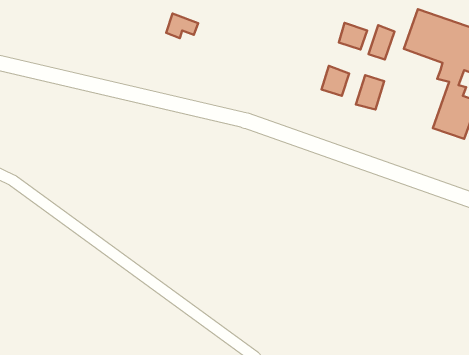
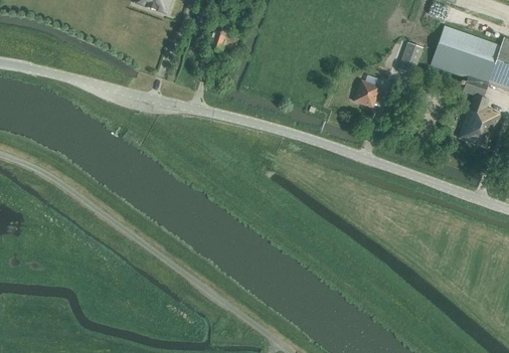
building: [339,23,367,49] -> none
building: [356,75,384,109] -> none

